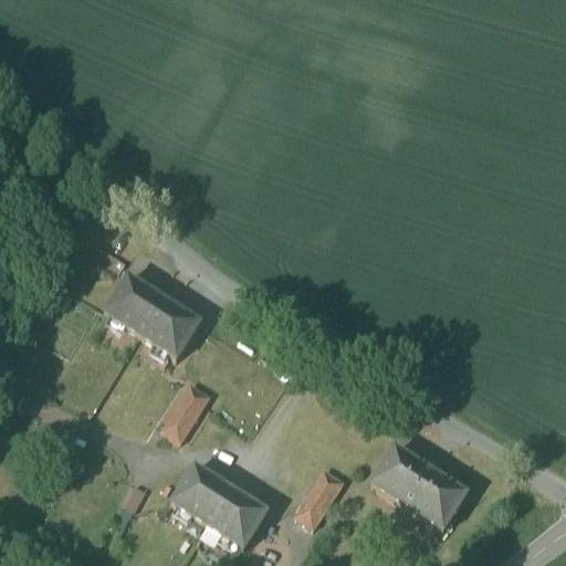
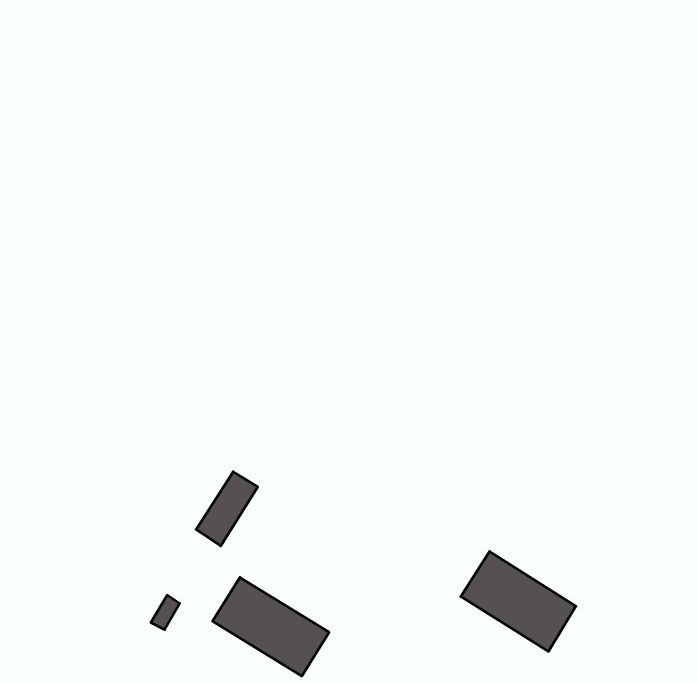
building: [106,275,200,356] -> none
building: [296,468,344,525] -> none

